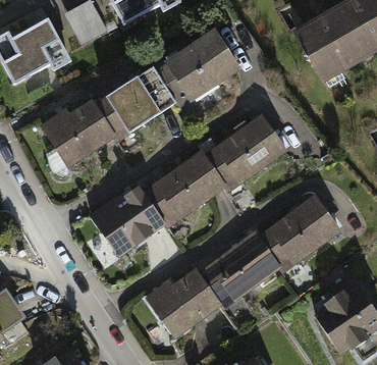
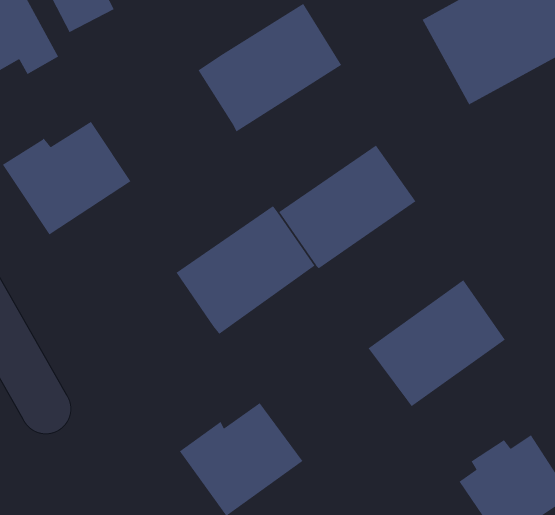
building: [94,63,177,139] -> none
building: [88,185,165,255] -> none
building: [197,230,282,309] -> none

